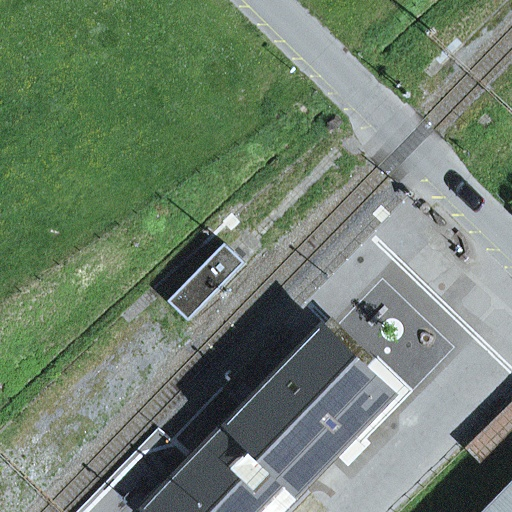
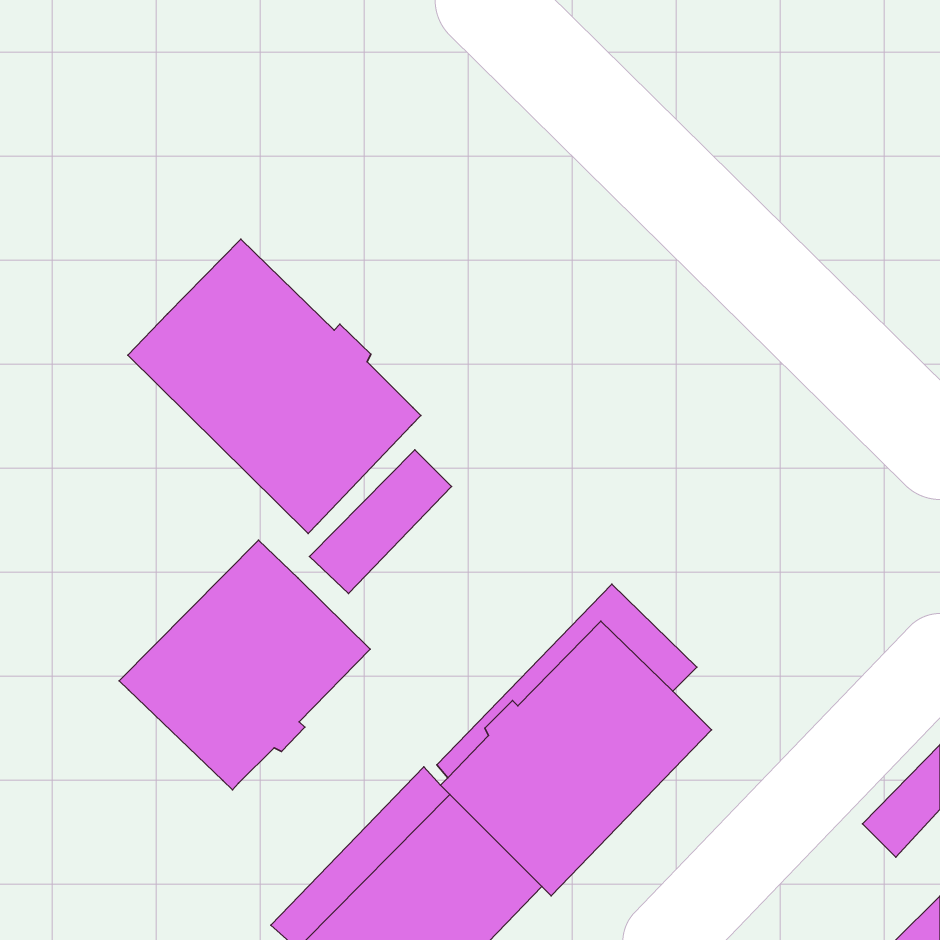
building: none -> [128,239,421,534]
building: none -> [119,540,370,790]

